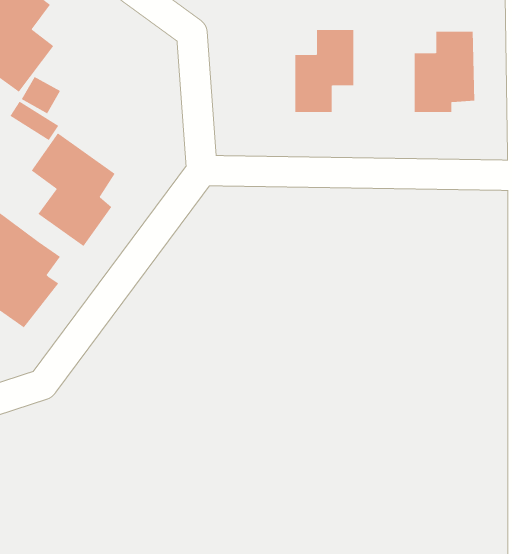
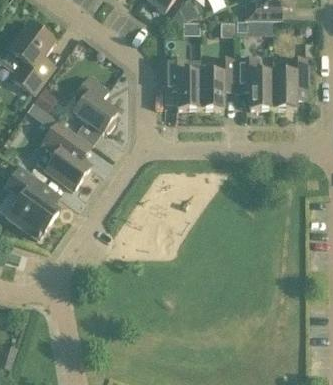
building: none -> [236,58,272,108]
building: none -> [163,59,200,109]
building: none -> [73,75,117,132]

